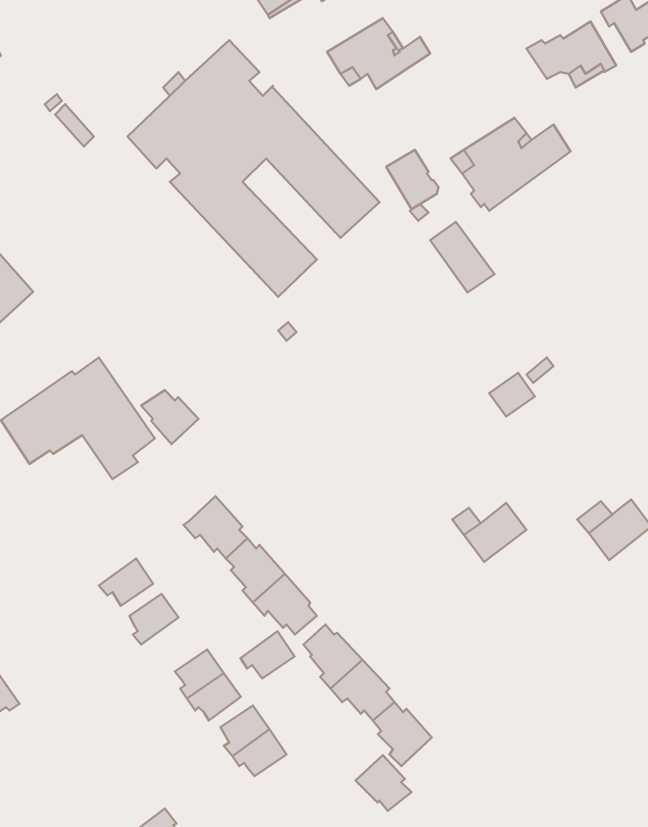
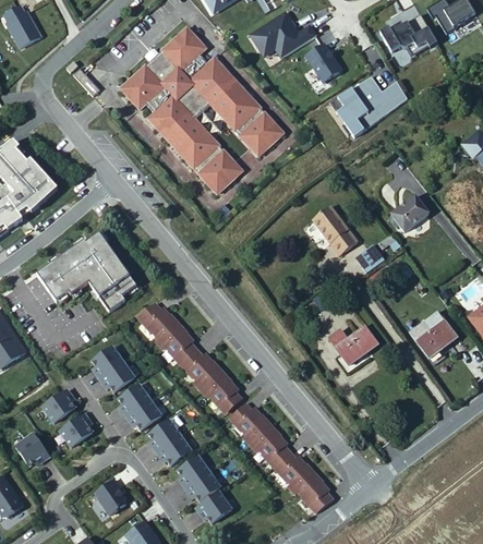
building: [386,150,439,209] -> [303,44,337,82]
building: [430,222,495,293] -> [314,205,355,251]
building: none -> [388,195,425,231]
building: [141,390,199,444] -> [138,302,176,337]
building: none -> [93,346,124,378]
building: none -> [43,387,75,421]
building: [240,631,294,679] -> [128,399,162,430]
building: none -> [60,412,93,445]
building: none -> [94,481,124,516]
building: [356,755,411,811] -> [298,476,334,512]
building: none -> [196,489,234,523]

